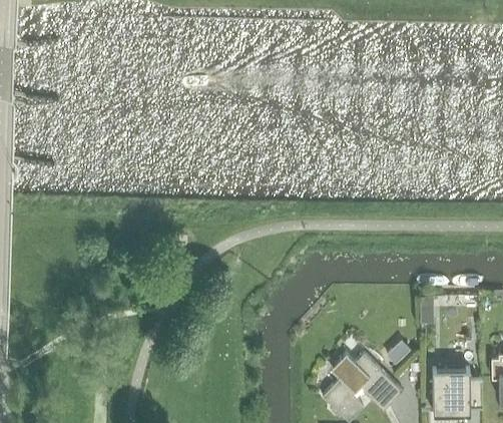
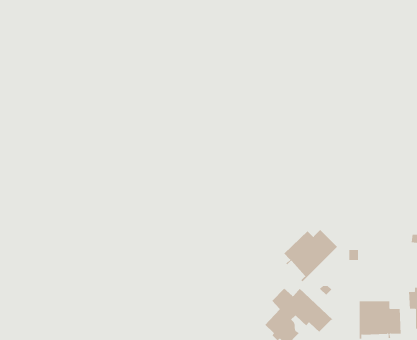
building: none -> [283,229,338,282]

